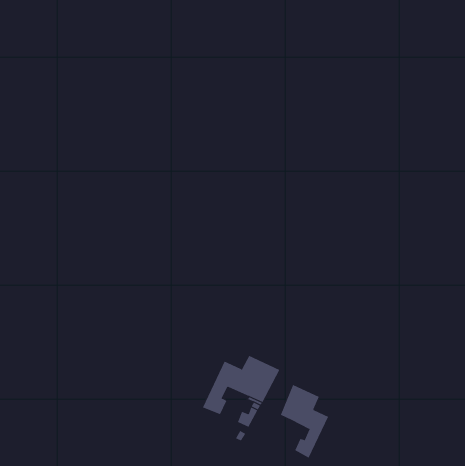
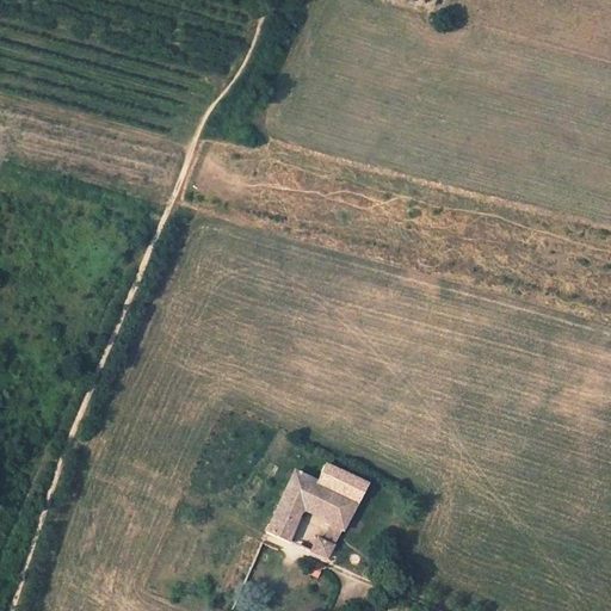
building: [280,384,329,458] -> none

